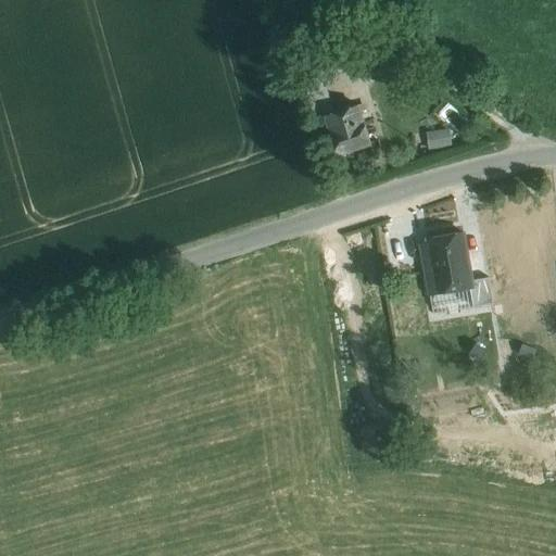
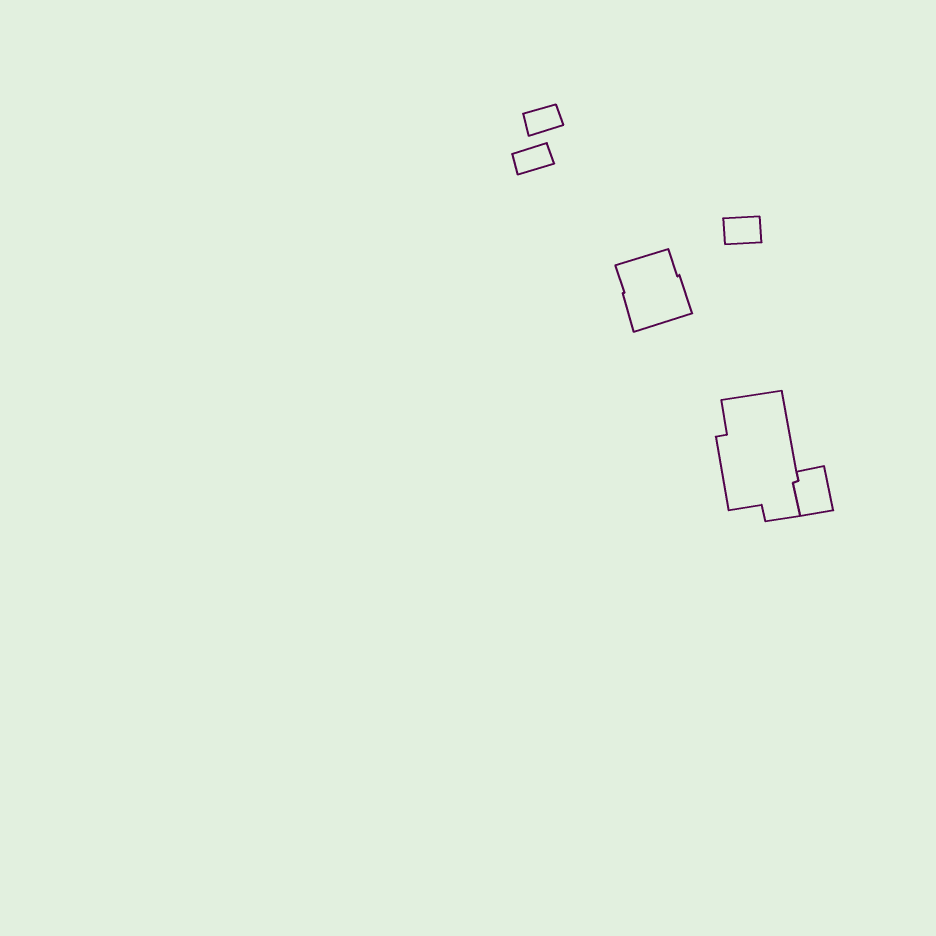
building: [325,104,370,153] -> [615,249,692,332]

